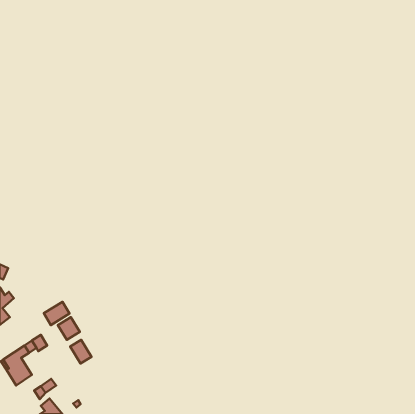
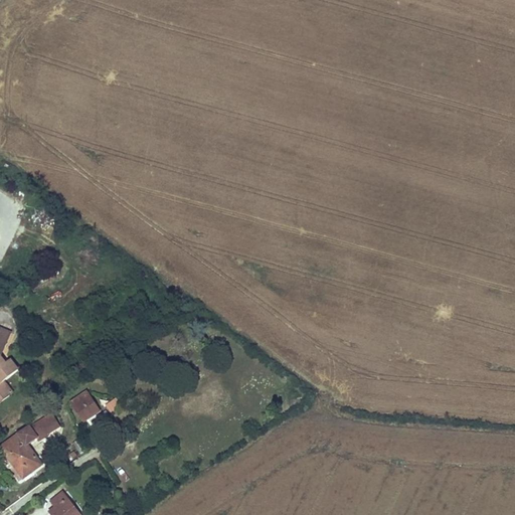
building: [44,302,70,325] -> none
building: [70,340,92,363] -> none

